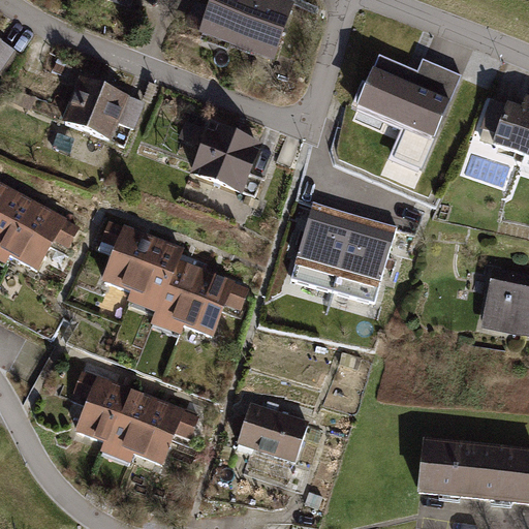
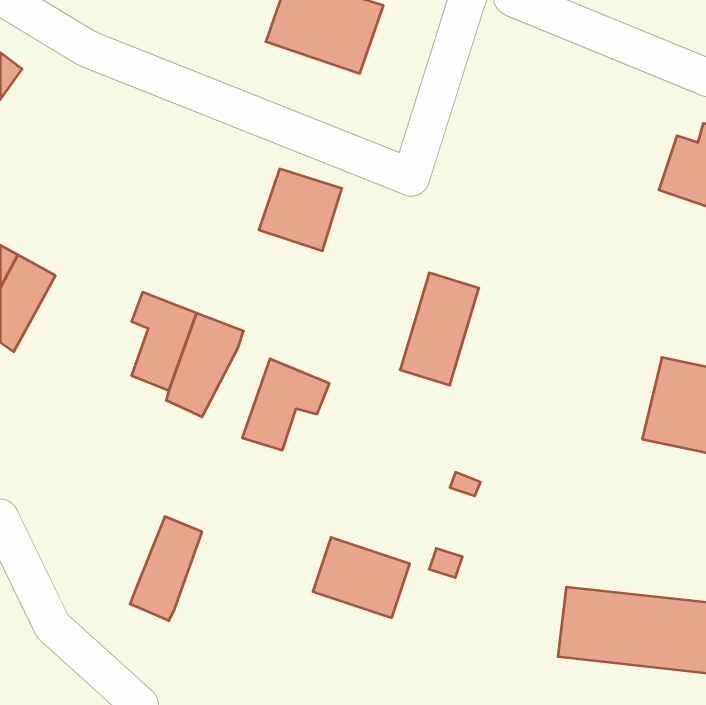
building: [356,53,460,170] -> none
building: [60,76,125,136] -> none
building: [11,206,82,275] -> none
building: [337,215,395,298] -> none
building: [148,259,203,335] -> none
building: [71,371,124,442] -> none
building: [131,397,195,466] -> none

